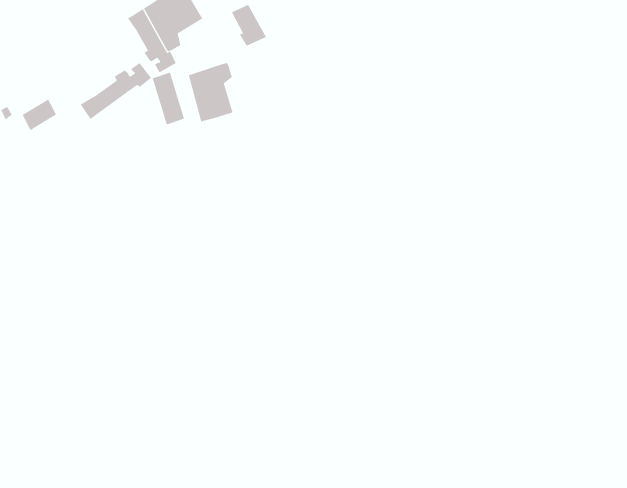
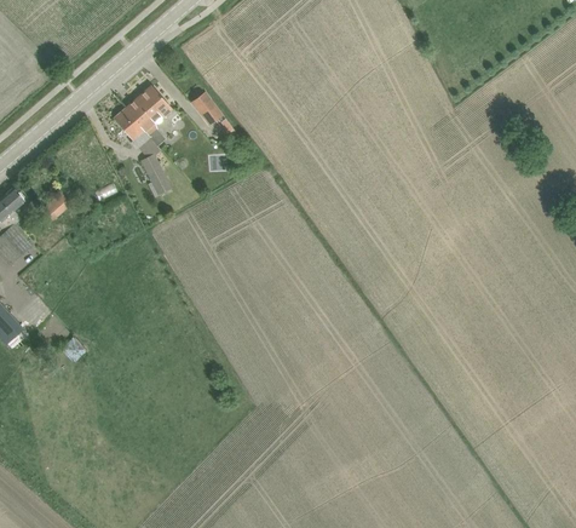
building: [188,62,233,122] -> none
building: [80,62,152,120] -> none

